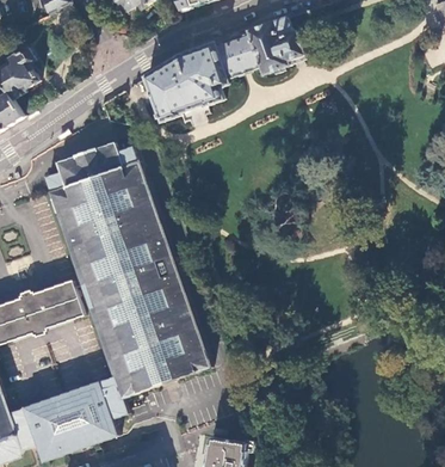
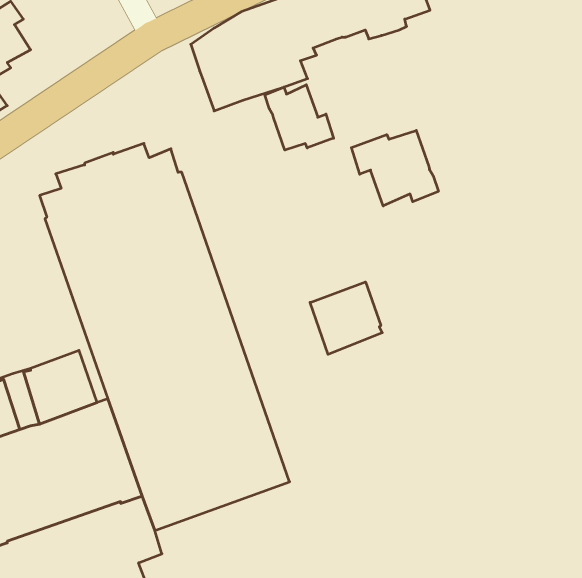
building: none -> [265,85,334,150]
building: none -> [351,130,438,206]
building: none -> [310,282,382,354]

